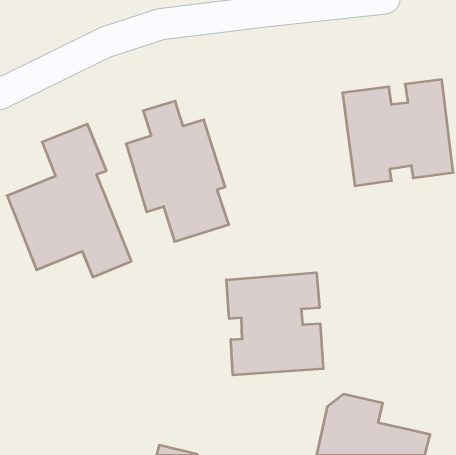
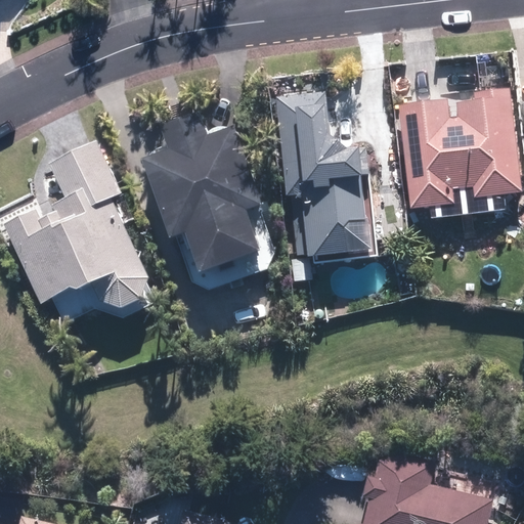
building: none -> [278,94,377,267]
building: [226,273,323,375] -> none

